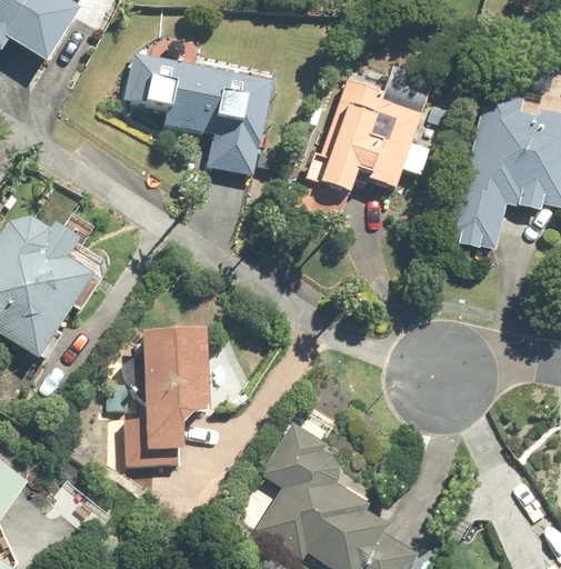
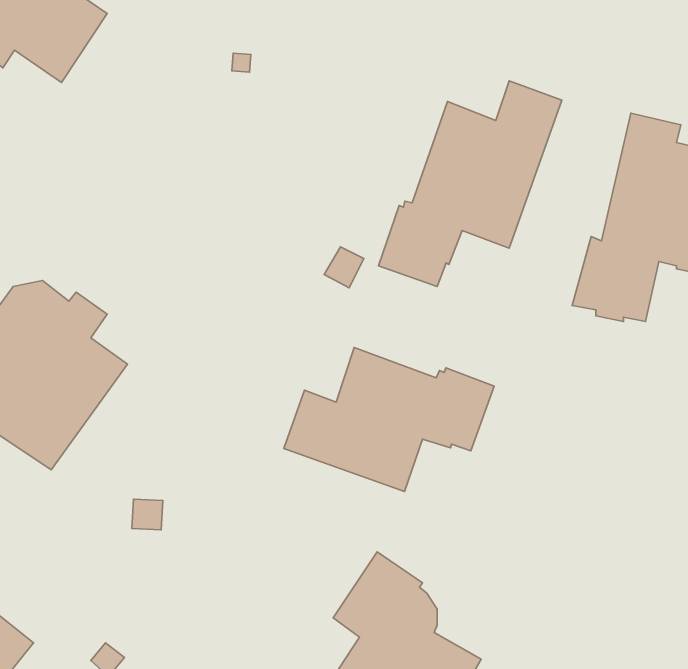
building: [120,49,272,177] -> none
building: none -> [284,348,494,492]
building: [128,335,219,463] -> none

